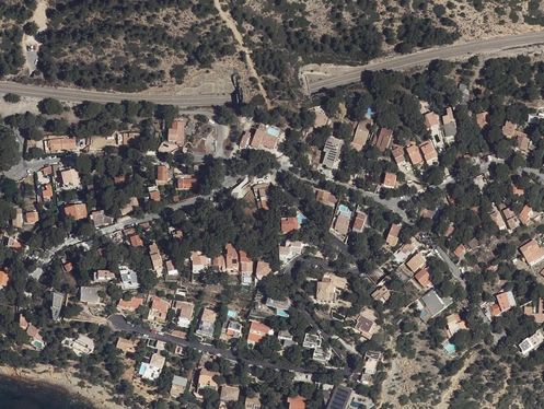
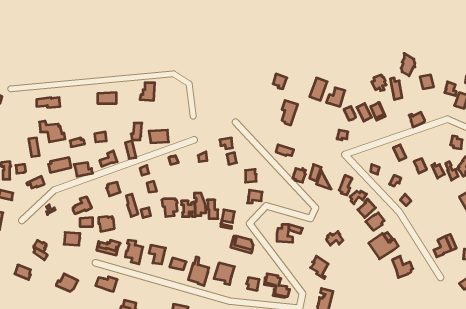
building: [239,128,277,151] -> none

